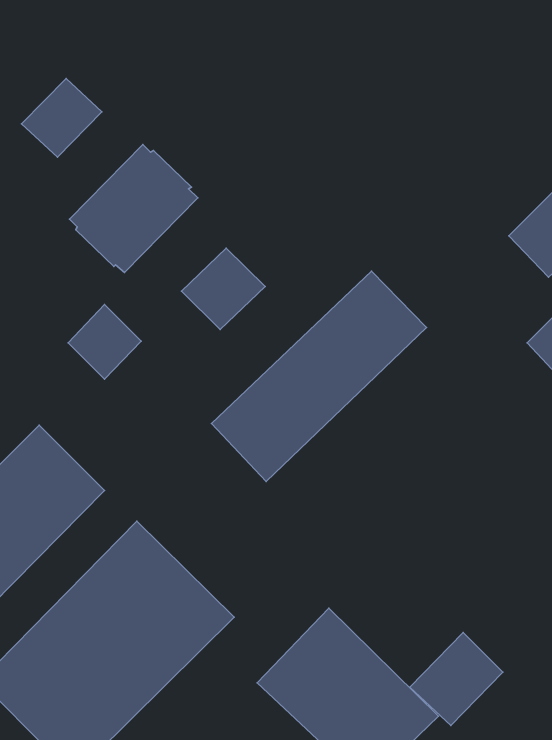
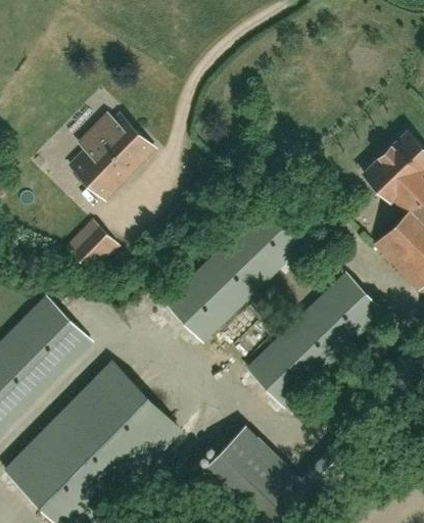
building: [22,78,102,157] -> none
building: [182,248,265,330] -> none
building: none -> [244,271,377,402]

